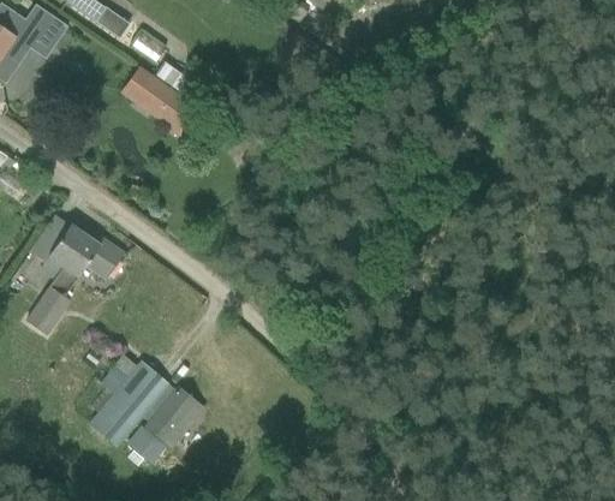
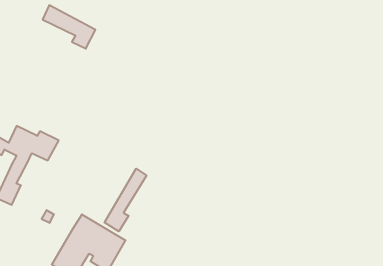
building: none -> [105,169,146,231]

